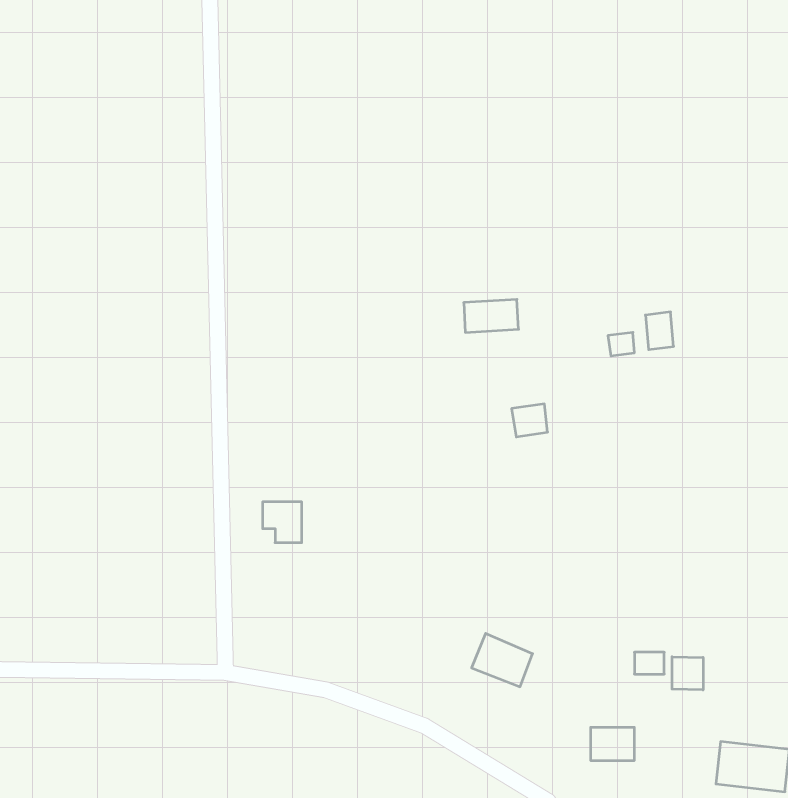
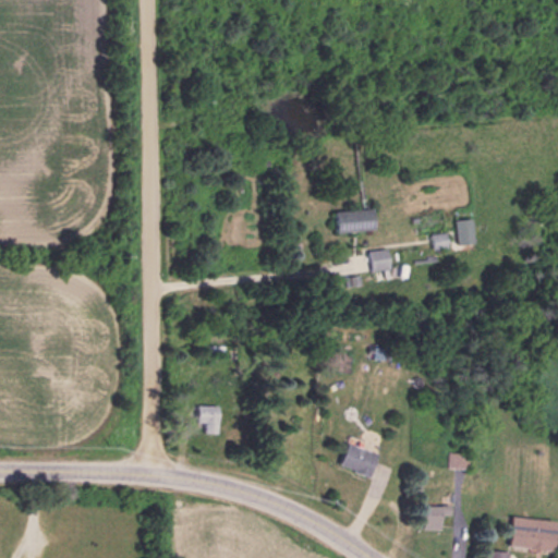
building: [512,404,548,437] -> [366,248,391,271]
building: [263,502,302,543] -> [198,405,226,434]
building: [672,657,703,690] -> none

